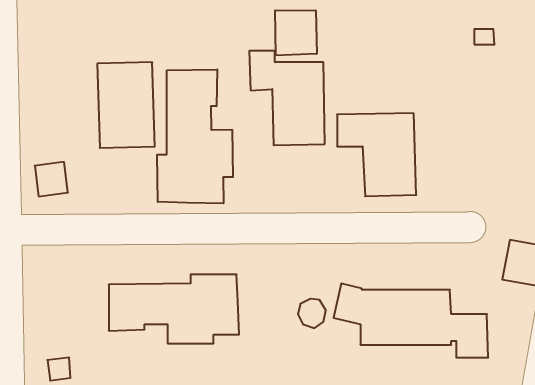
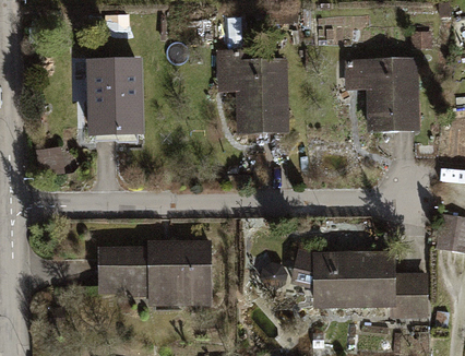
building: [275,10,317,55] -> none
building: [157,69,233,203] -> none
building: [337,113,416,196] -> [348,59,416,130]

